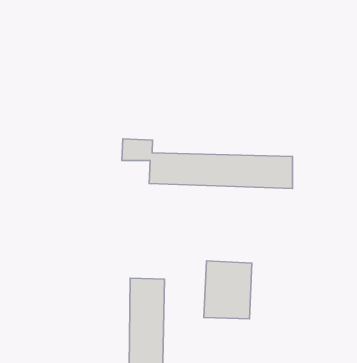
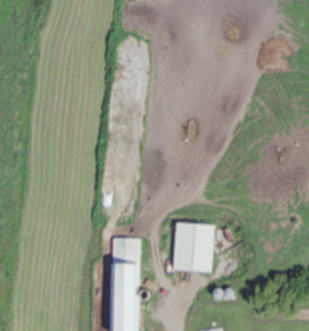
building: [122,139,293,189] -> none

